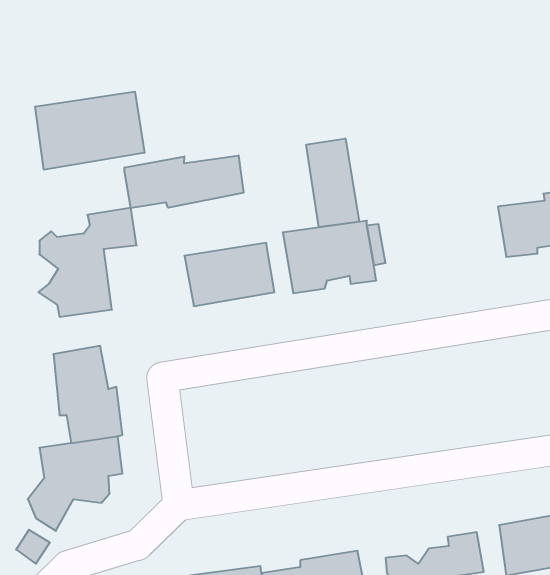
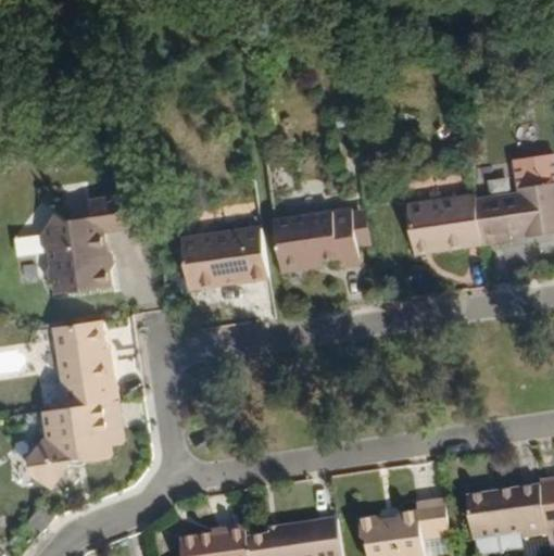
building: [35,92,144,170] -> none
building: [306,138,359,227] -> none
building: [125,155,243,208] -> none
building: none -> [402,195,475,252]

